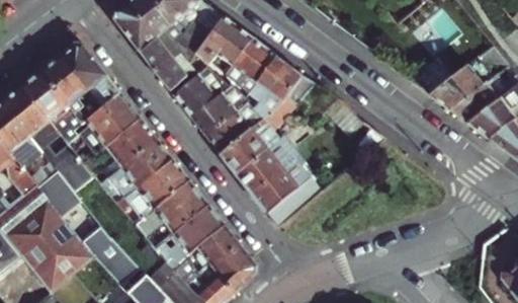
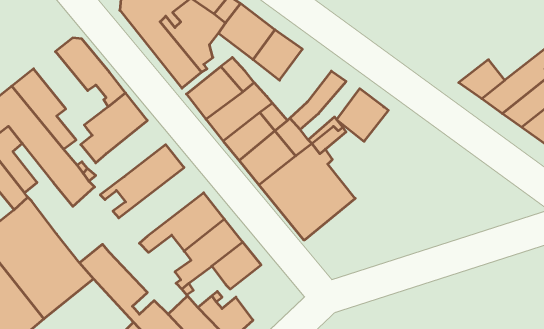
building: [255,55,300,101] -> [337,89,388,141]
building: [38,57,100,122] -> none
building: [102,118,155,167] -> none
building: [113,159,188,220] -> none
building: [36,172,79,218] -> none
building: [211,245,254,294] -> none

